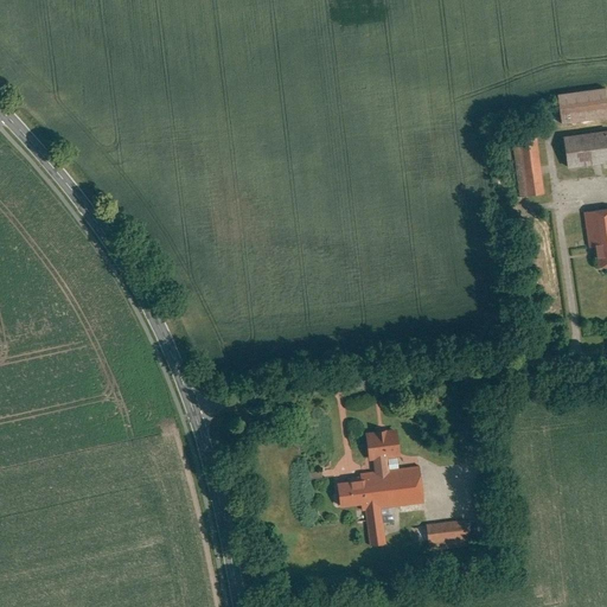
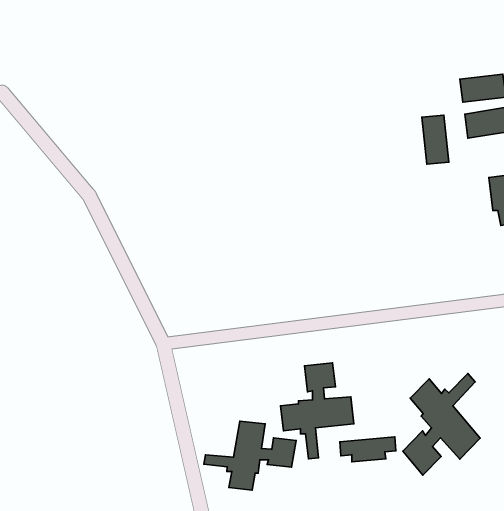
building: none -> [403,373,480,475]
building: none -> [204,421,296,490]

